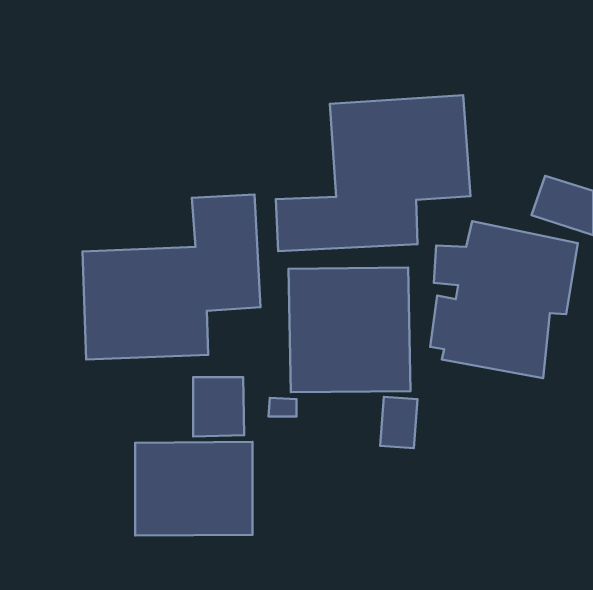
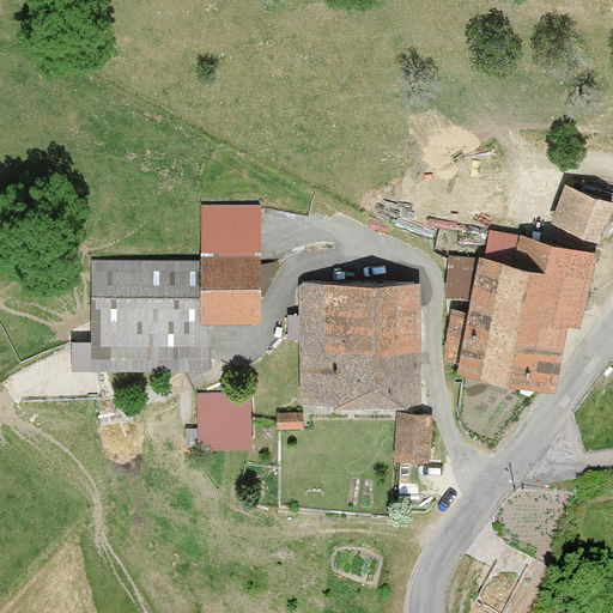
building: [276,95,470,251] -> none
building: [135,442,252,536] -> none

